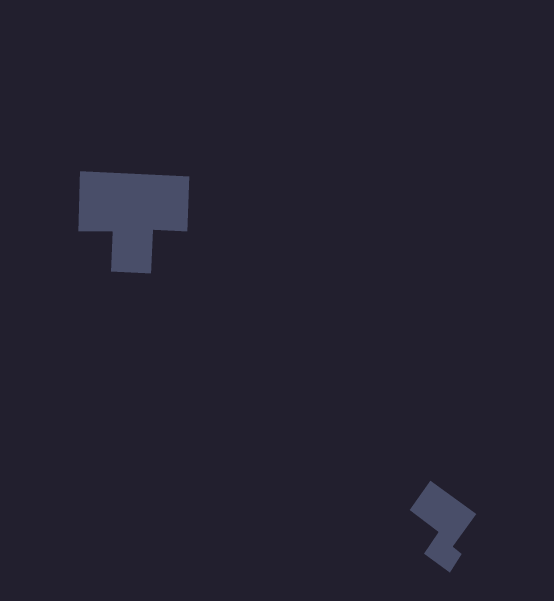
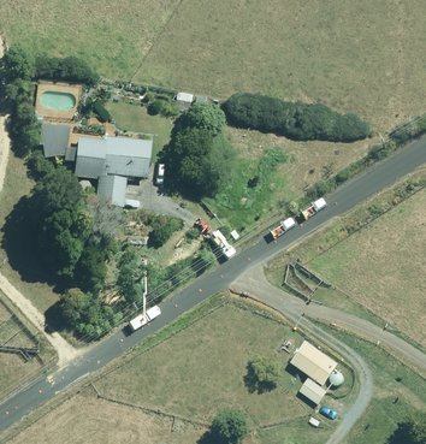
building: none -> [39,123,66,155]

